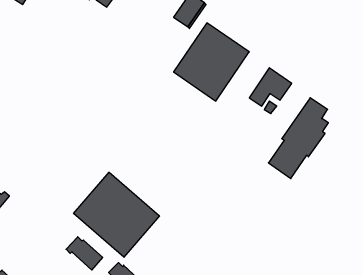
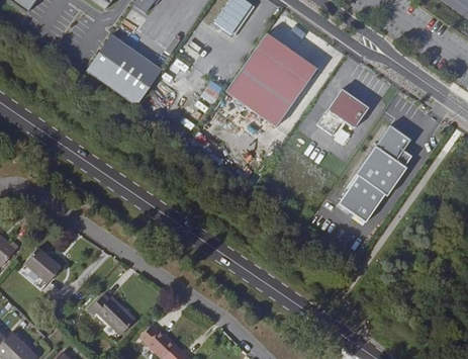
building: none -> [80,34,157,107]
building: [74,172,159,257] -> none
building: none -> [24,248,61,282]

